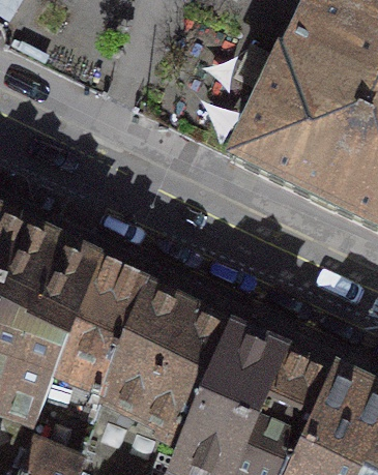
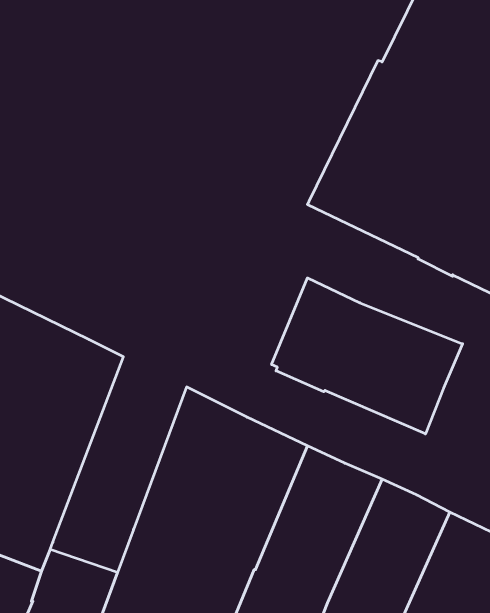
building: none -> [272,278,463,434]
building: [45,260,143,415] -> none

